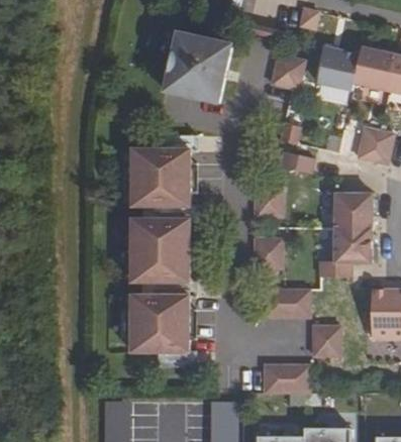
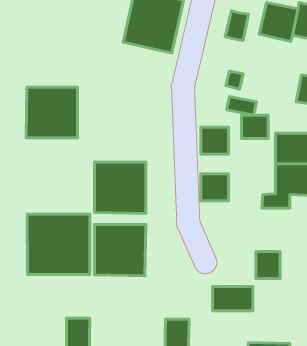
building: [131,155,189,212] -> [26,87,77,138]
building: none -> [241,115,268,138]
building: none -> [27,214,90,275]
building: [265,289,309,317] -> none

